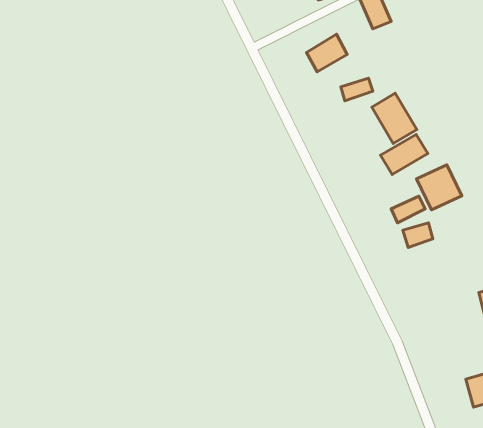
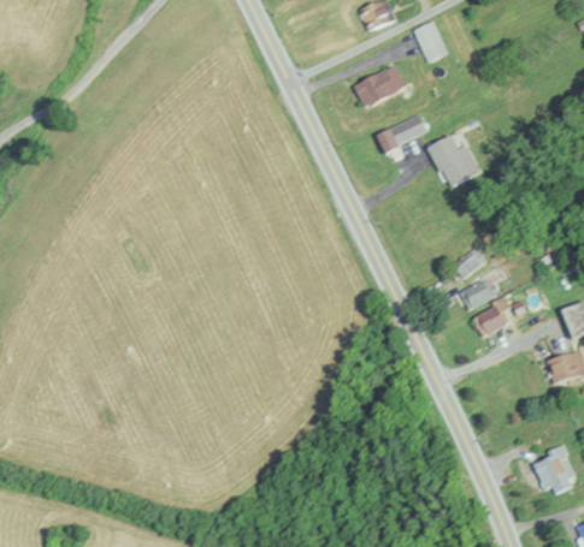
building: [381,134,428,174] -> none
building: [417,165,462,210] -> none
building: none -> [474,296,512,337]

